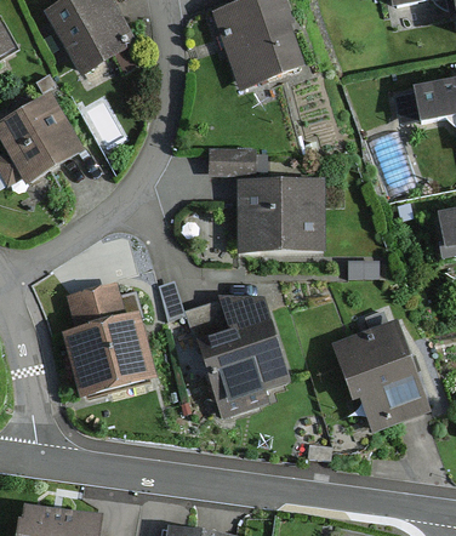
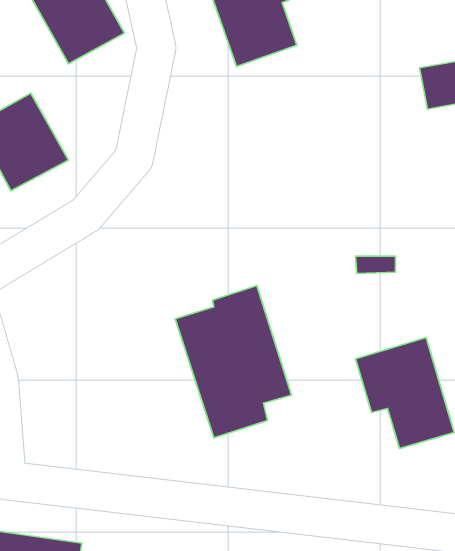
building: [233,177,320,250] -> none
building: [57,278,154,395] -> none

